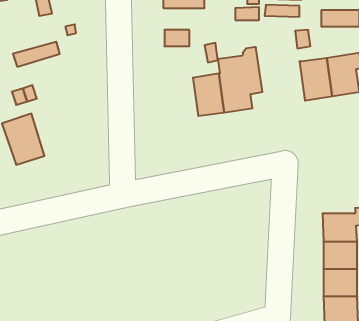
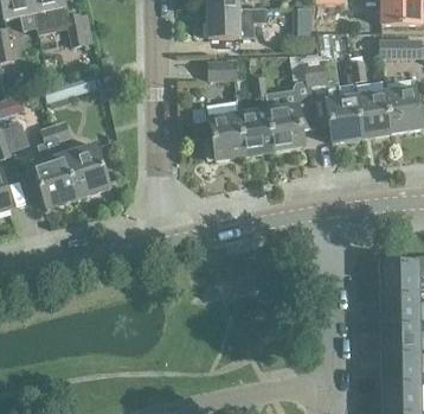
building: none -> [304,58,361,141]
building: none -> [205,100,245,159]
building: none -> [64,142,110,198]

